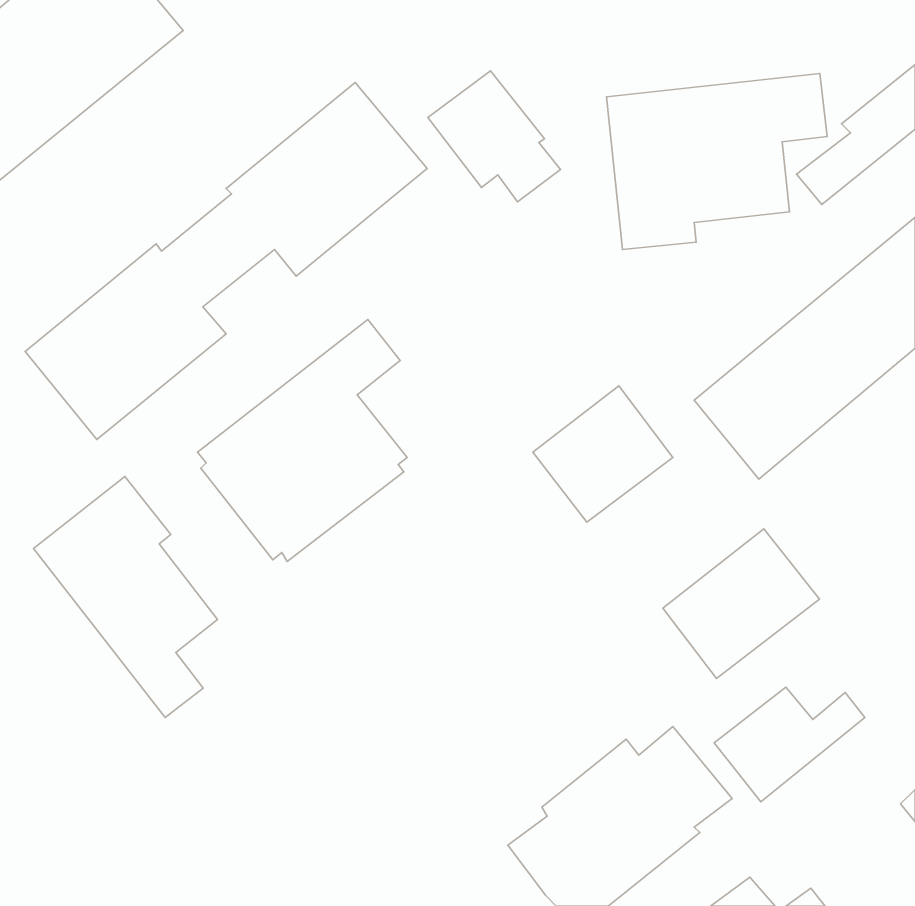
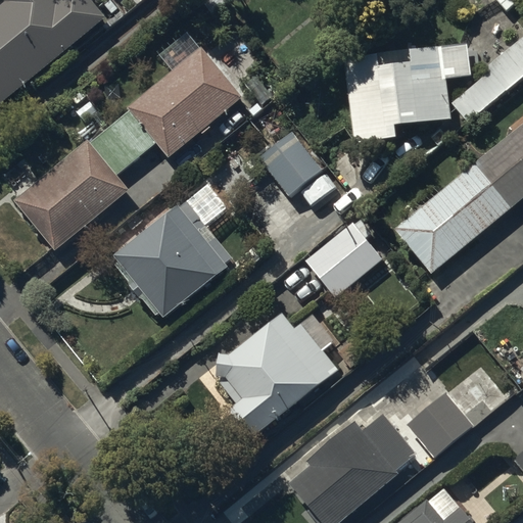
building: [428,71,561,202] -> [258,129,334,203]
building: [34,477,218,717] -> none
building: [663,529,819,678] -> none
building: none -> [217,313,337,438]

